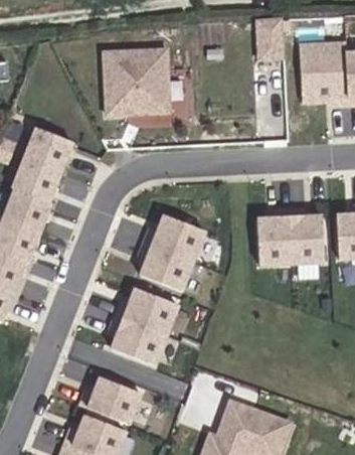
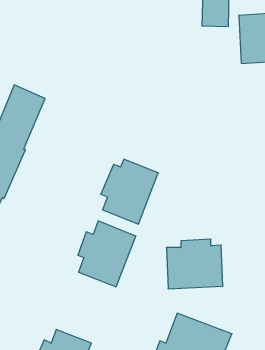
building: [102,46,173,119] -> none
building: [257,208,324,267] -> [166,239,223,289]
building: [79,377,142,425] -> none

